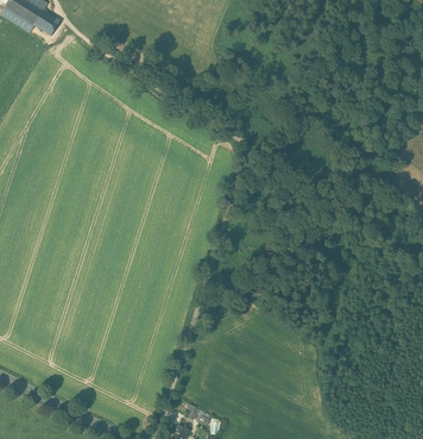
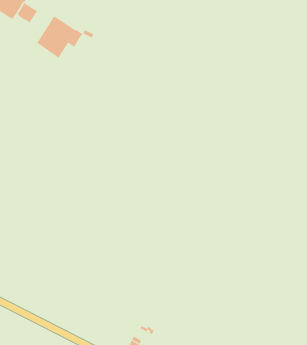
building: none -> [36,16,83,58]

